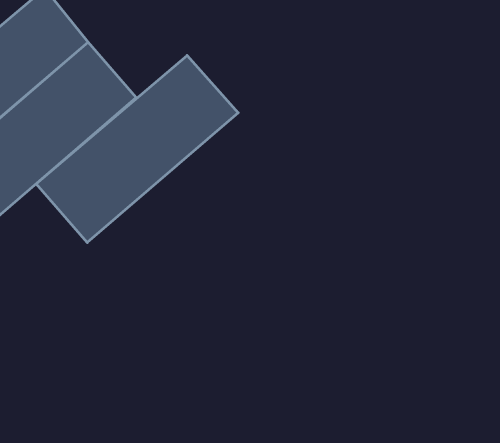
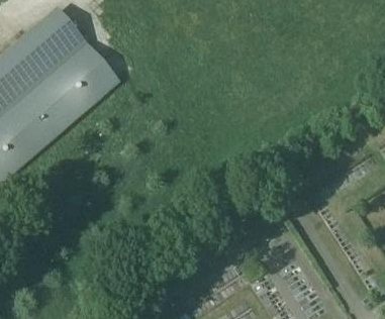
building: [36,55,238,243] -> none

